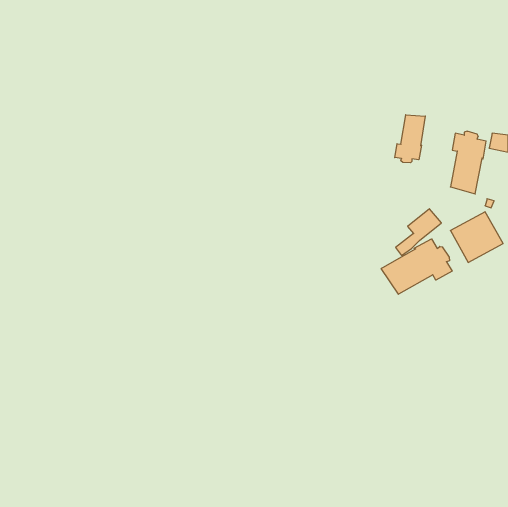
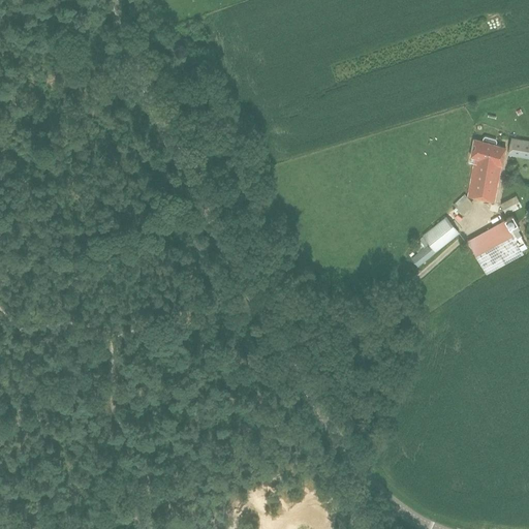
building: [395,115,425,163] -> none
building: [381,239,452,294] -> none

